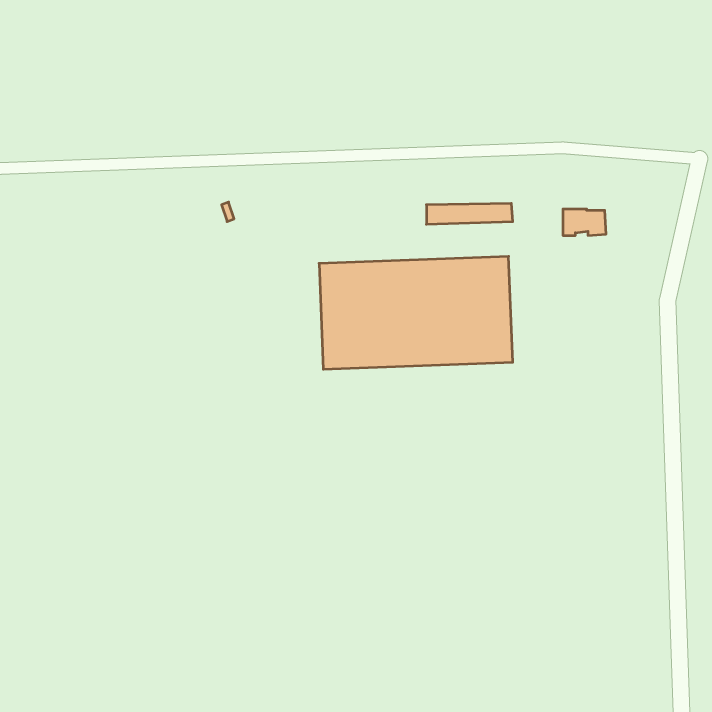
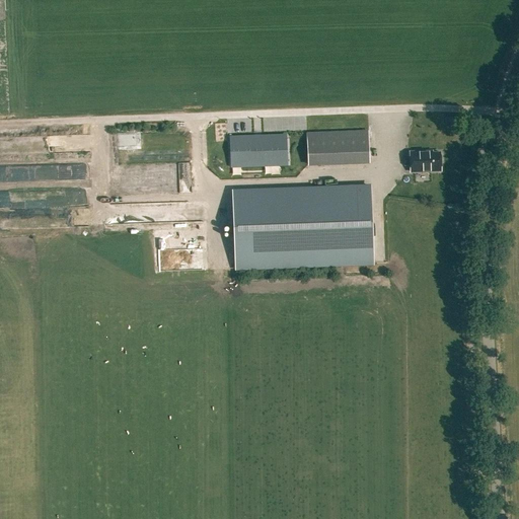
building: none -> [310,126,371,149]
building: none -> [224,139,280,163]

